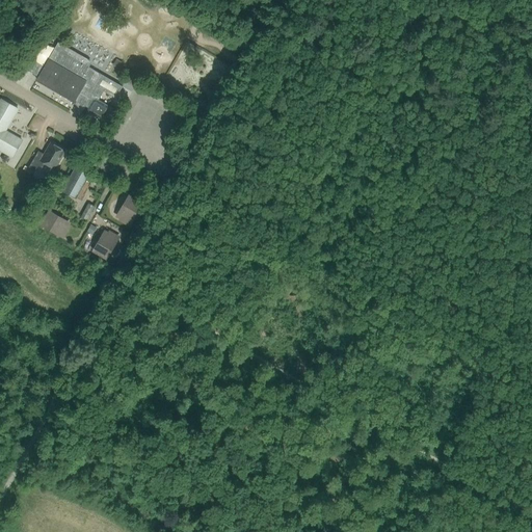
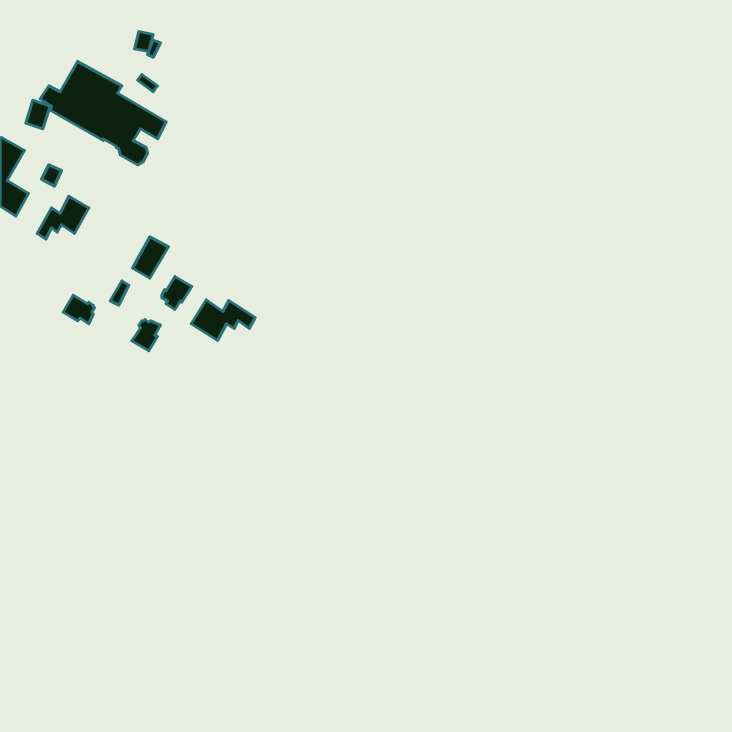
building: [62,168,88,198] -> [133,237,168,278]
building: none -> [191,300,255,341]

